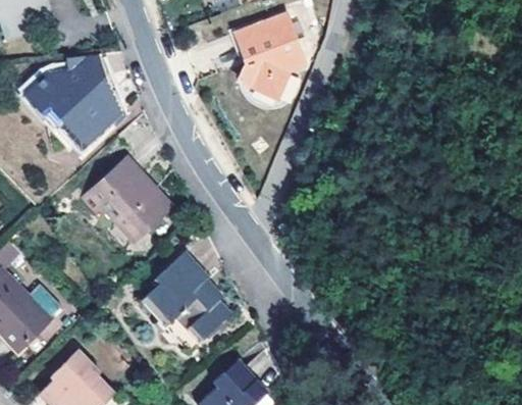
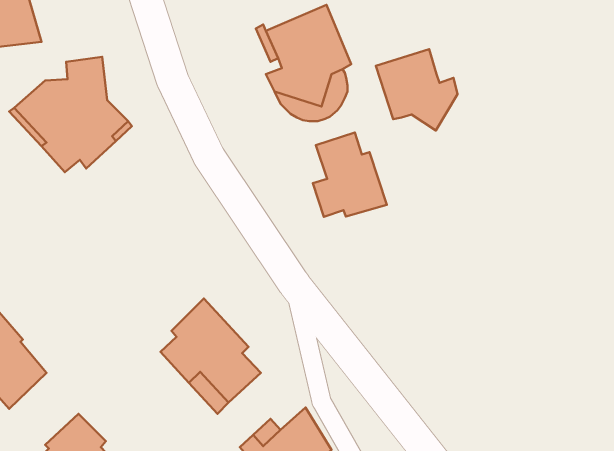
building: none -> [376,49,458,130]
building: none -> [313,133,387,217]
building: [83,159,169,240] -> none

